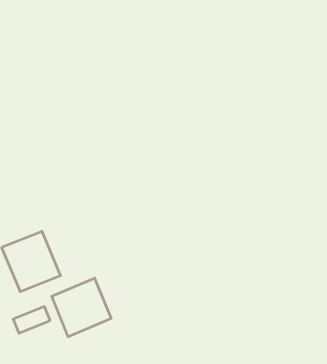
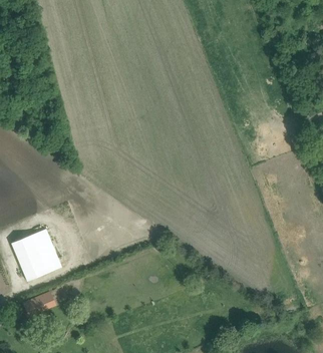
building: [52,278,111,337] -> none

